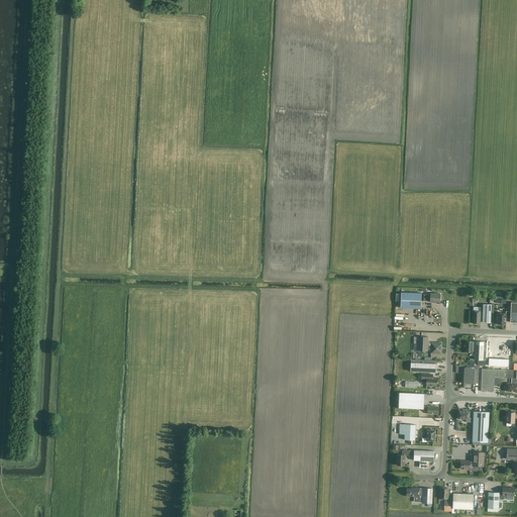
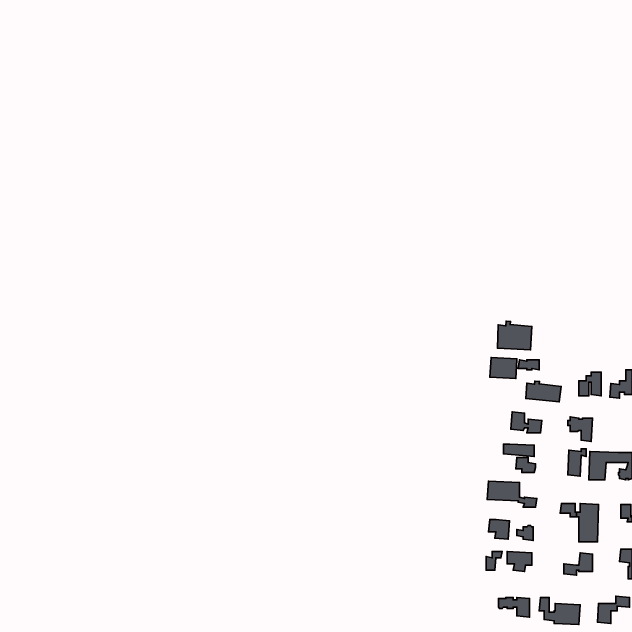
building: none -> [498,321,532,350]
building: none -> [526,381,561,402]

